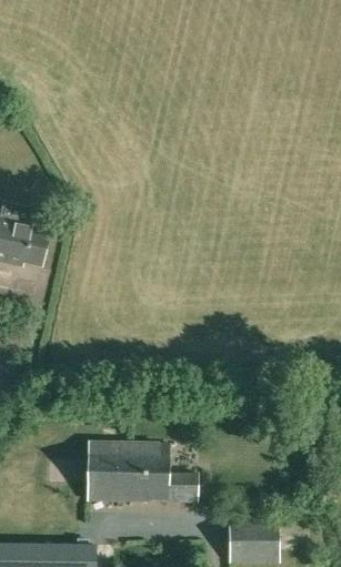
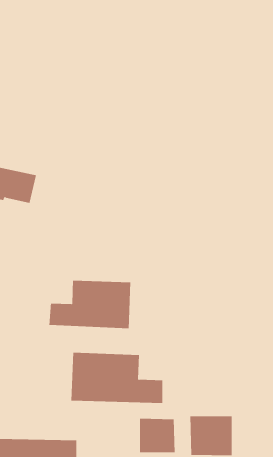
building: none -> [49,280,131,329]
building: none -> [140,418,175,453]

